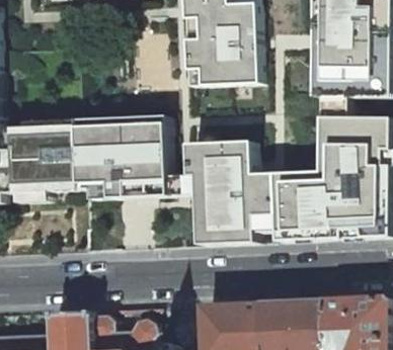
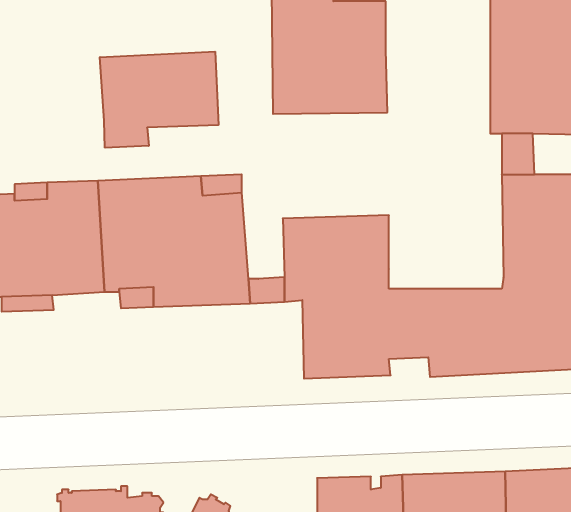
building: none -> [100,52,218,148]

